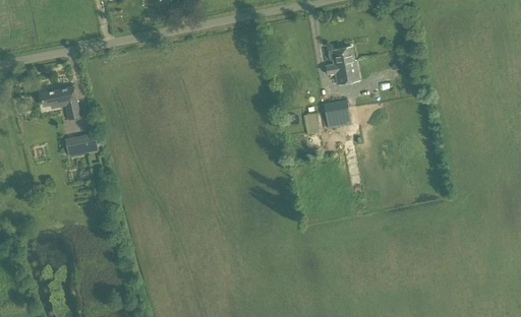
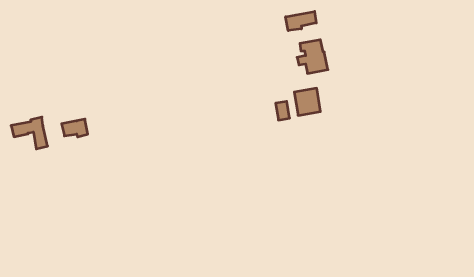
building: none -> [286,11,316,31]
building: [40,84,79,119] -> [11,117,48,149]

